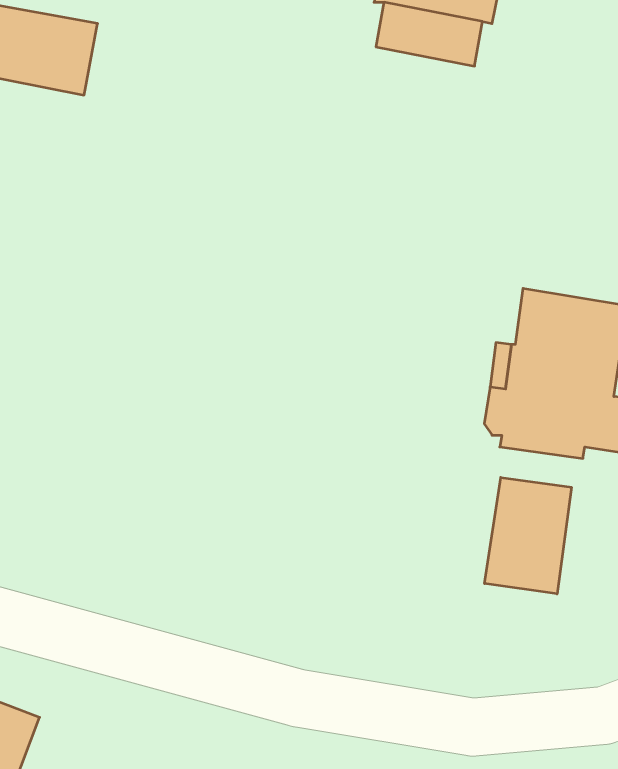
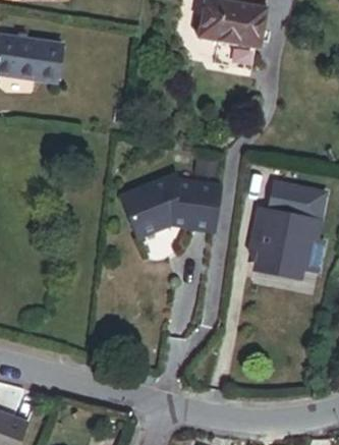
building: none -> [121,180,221,240]
building: [485,477,571,594] -> none

